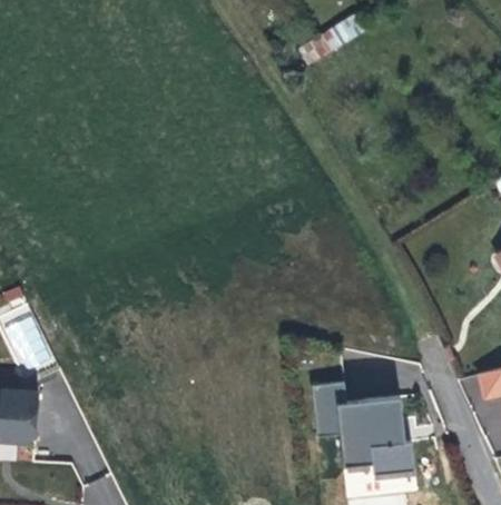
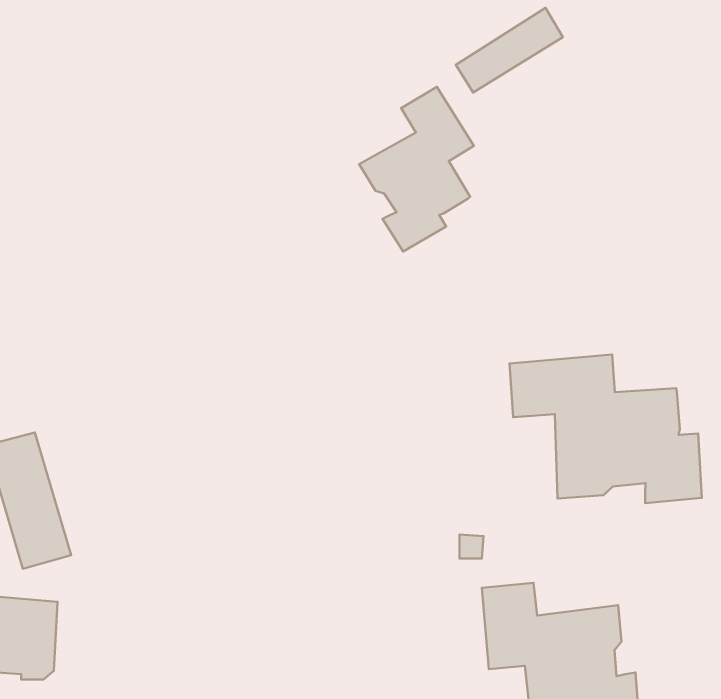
building: none -> [359,87,474,252]
building: none -> [510,355,702,503]

